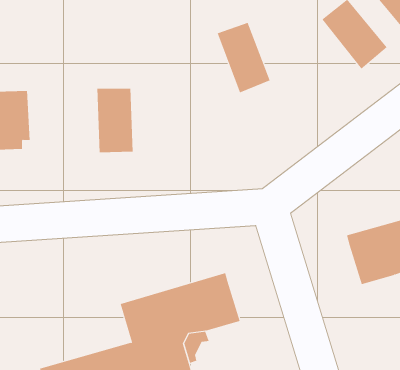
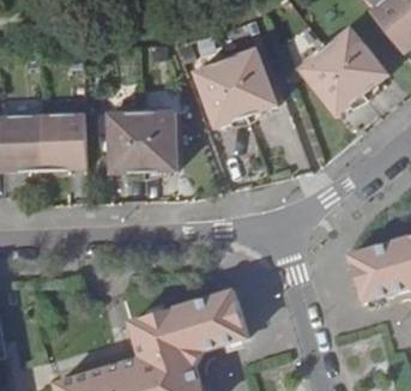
building: none -> [300,46,364,115]
building: none -> [194,59,247,128]
building: none -> [143,110,177,173]
building: none -> [43,113,87,169]

